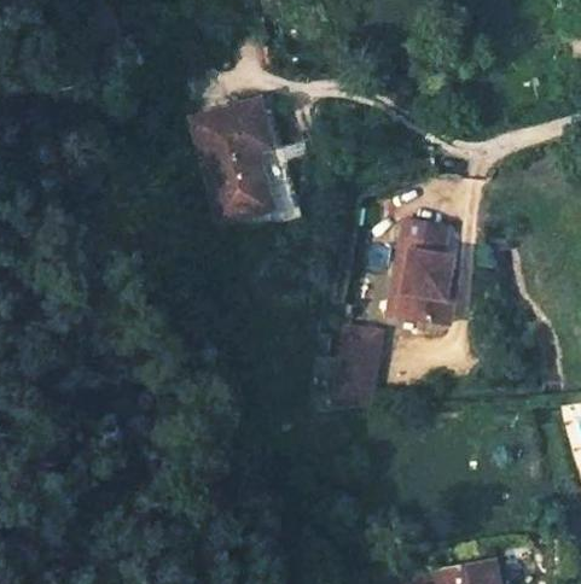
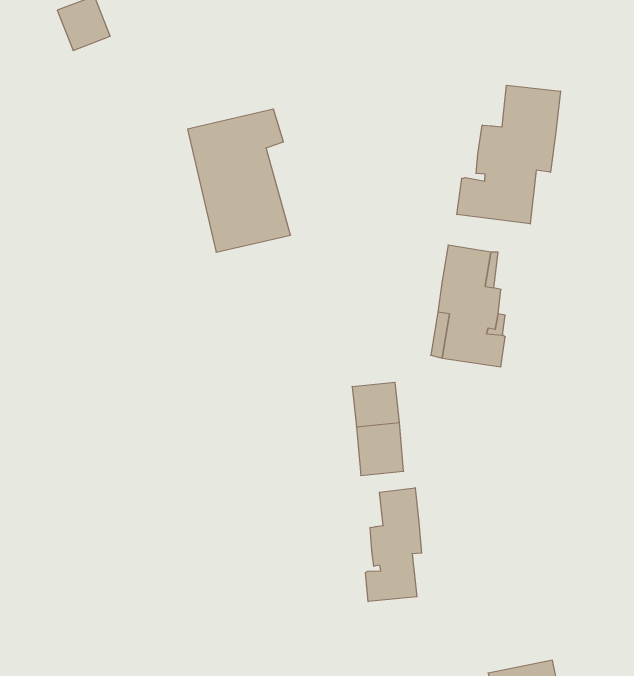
building: none -> [457,85,560,224]
building: none -> [365,488,422,602]

